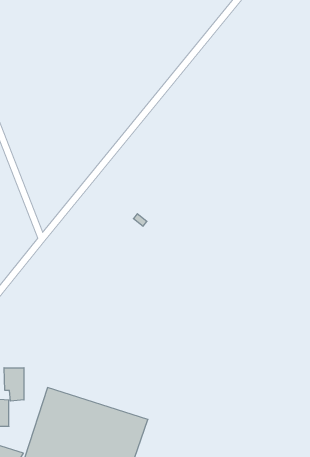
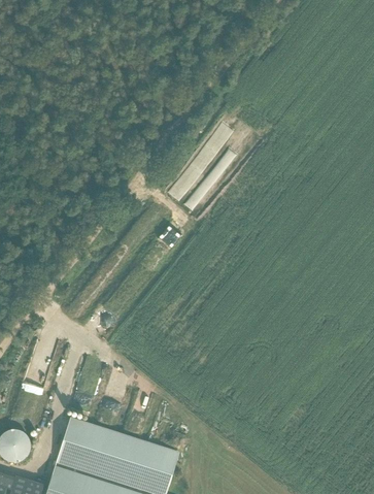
building: [4,368,24,401] -> none

